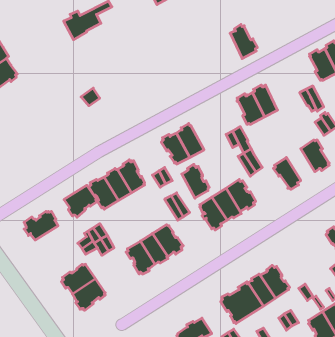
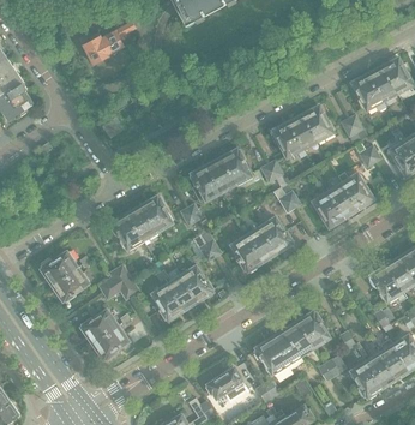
building: [230,24,257,59] -> [303,104,333,142]
building: none -> [326,184,357,219]
building: [182,164,209,198] -> [222,148,252,185]
building: [64,185,97,217] -> [52,268,88,303]

